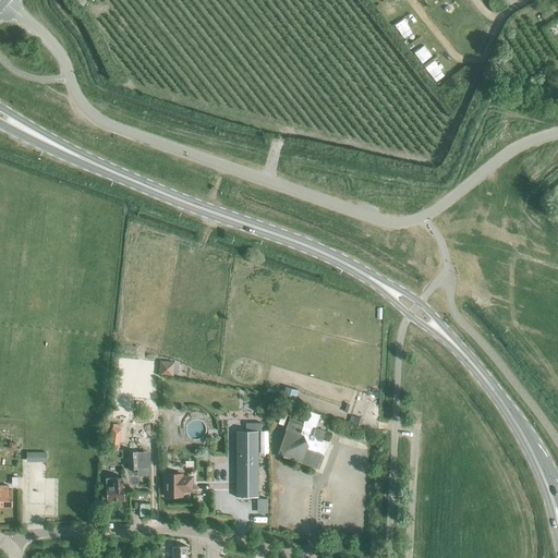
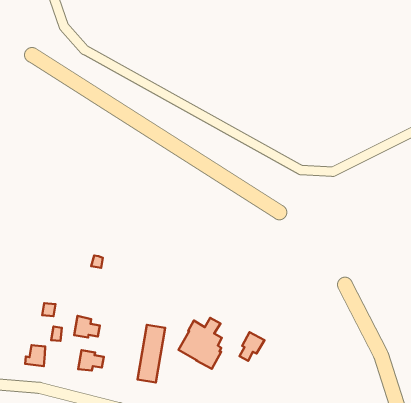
building: none -> [239,332,265,361]
building: none -> [74,316,100,338]

